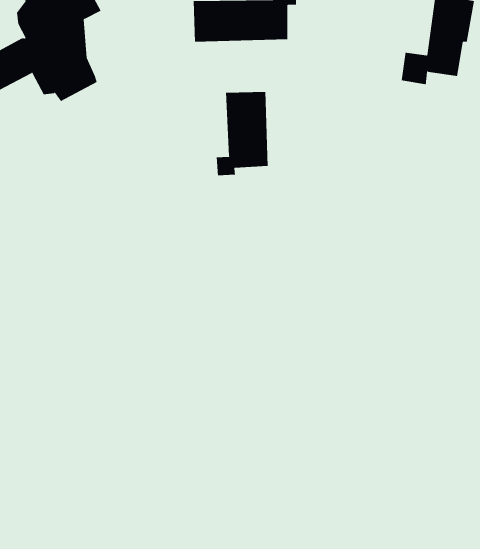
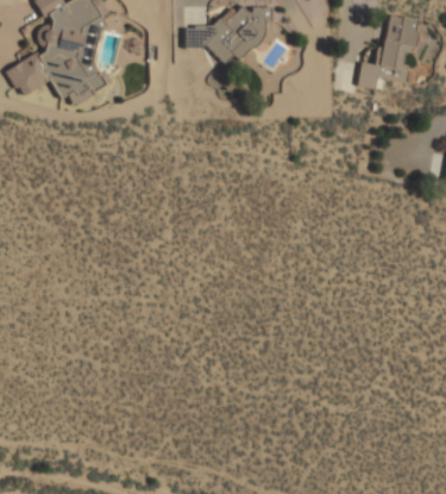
building: [216,91,268,176] -> none

